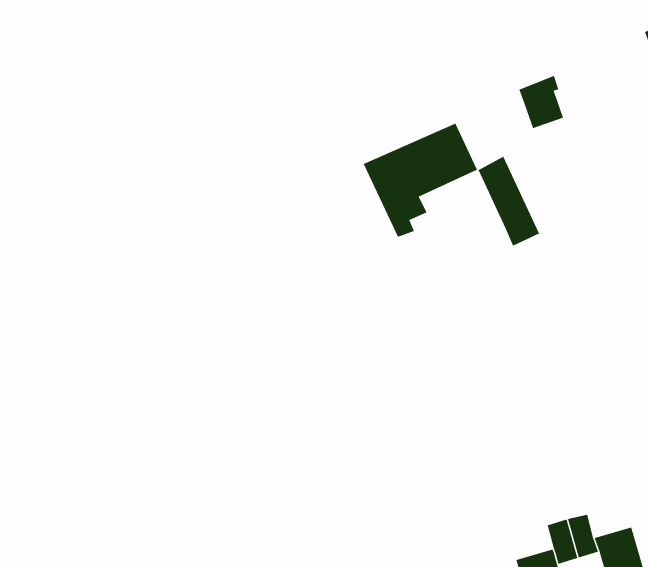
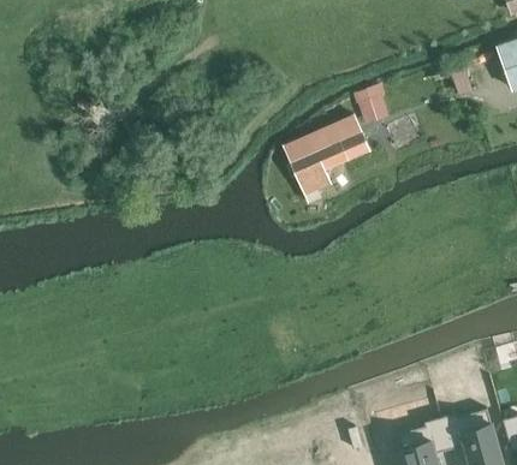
building: [518,75,564,129] -> [356,84,391,125]
building: [478,156,540,246] -> none

